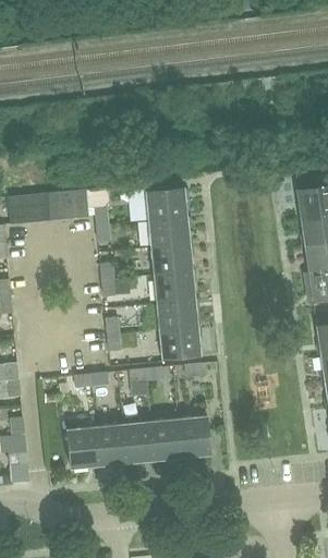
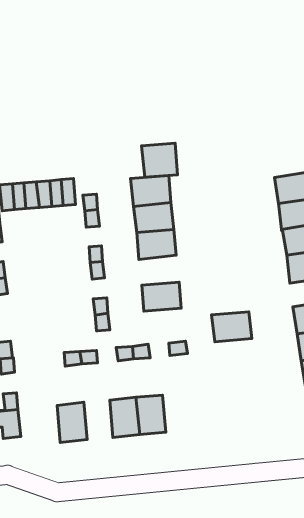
building: none -> [141,143,178,177]
building: [153,271,195,303] -> none
building: [158,327,201,359] -> [212,312,252,342]
building: [178,415,210,458] -> none
building: [95,424,125,465] -> none

